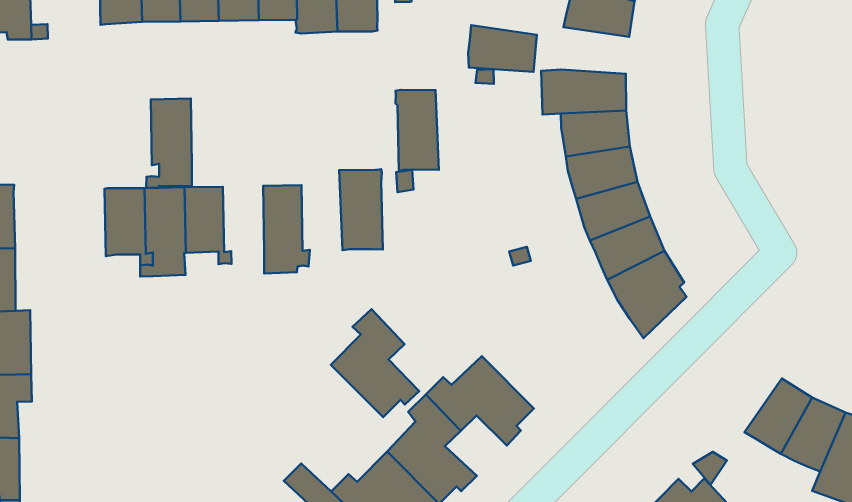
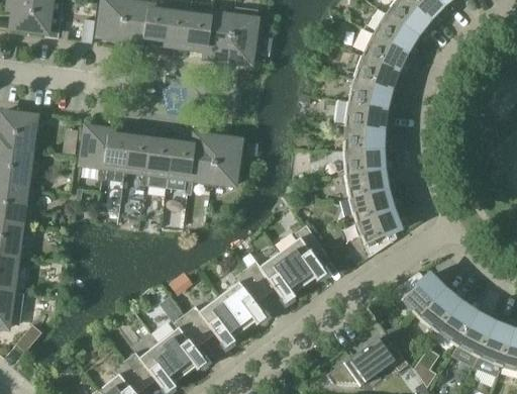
building: [468,25,537,72] -> [349,77,390,108]
building: [395,90,439,171] -> [191,133,218,181]
building: [146,99,192,188] -> [142,135,175,187]
building: [331,309,419,417] -> [281,224,327,285]
building: none -> [394,271,444,316]

